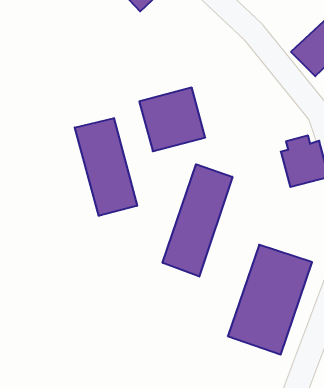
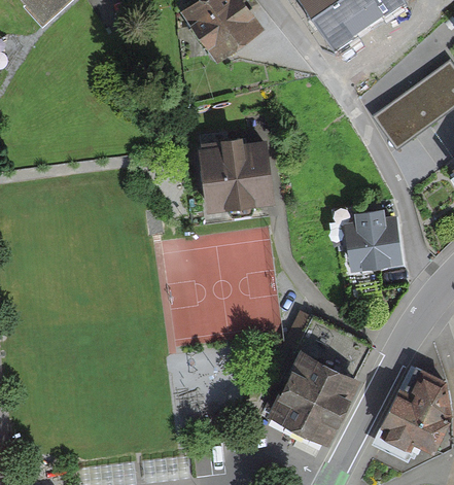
building: [75,118,137,216] -> none
building: [163,164,232,277] -> none

